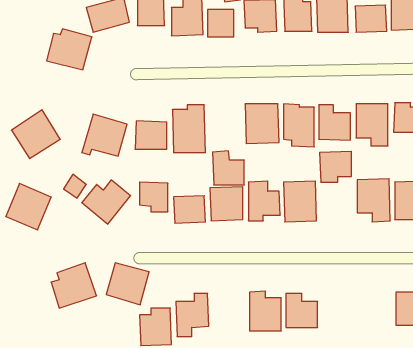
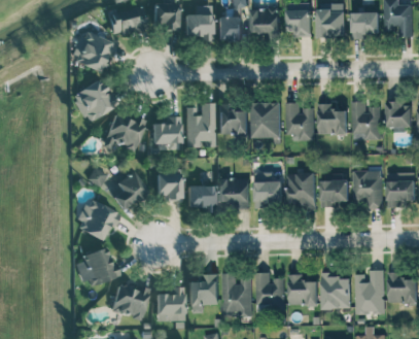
building: [11,110,60,159] -> [71,78,115,123]
building: [213,151,244,185] -> [218,103,247,134]
building: [320,151,351,182] -> [320,179,349,207]
building: [6,183,51,230] -> [75,199,116,241]
building: [106,263,149,305] -> [110,281,149,319]
building: none -> [355,270,385,314]
building: none -> [221,273,252,318]
building: none -> [321,273,351,309]

